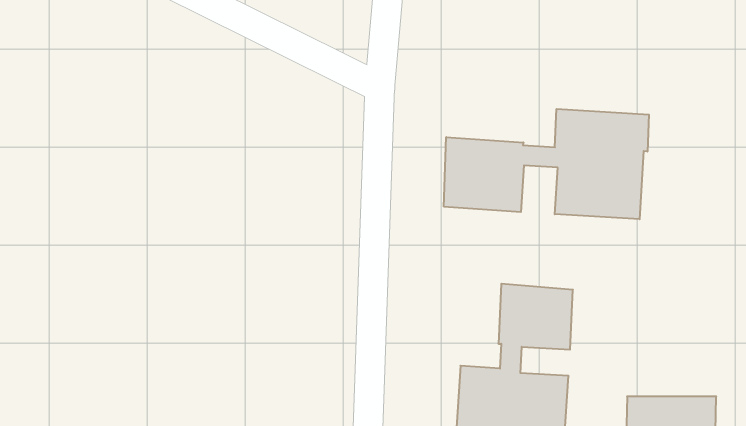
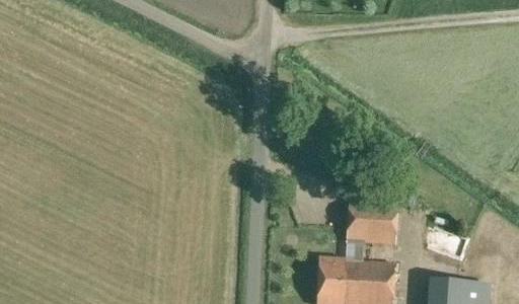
building: [444,109,649,219] -> none

